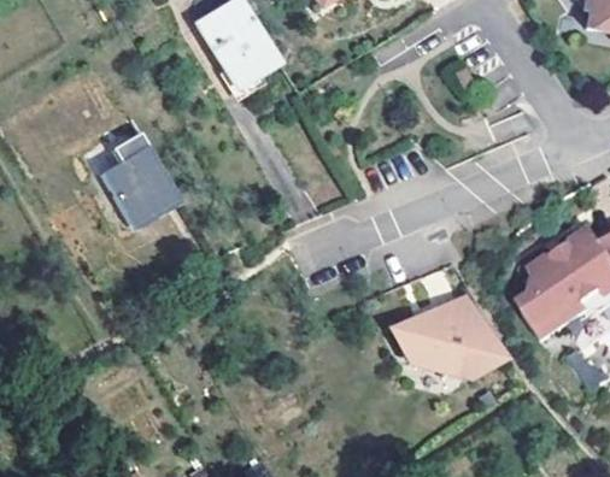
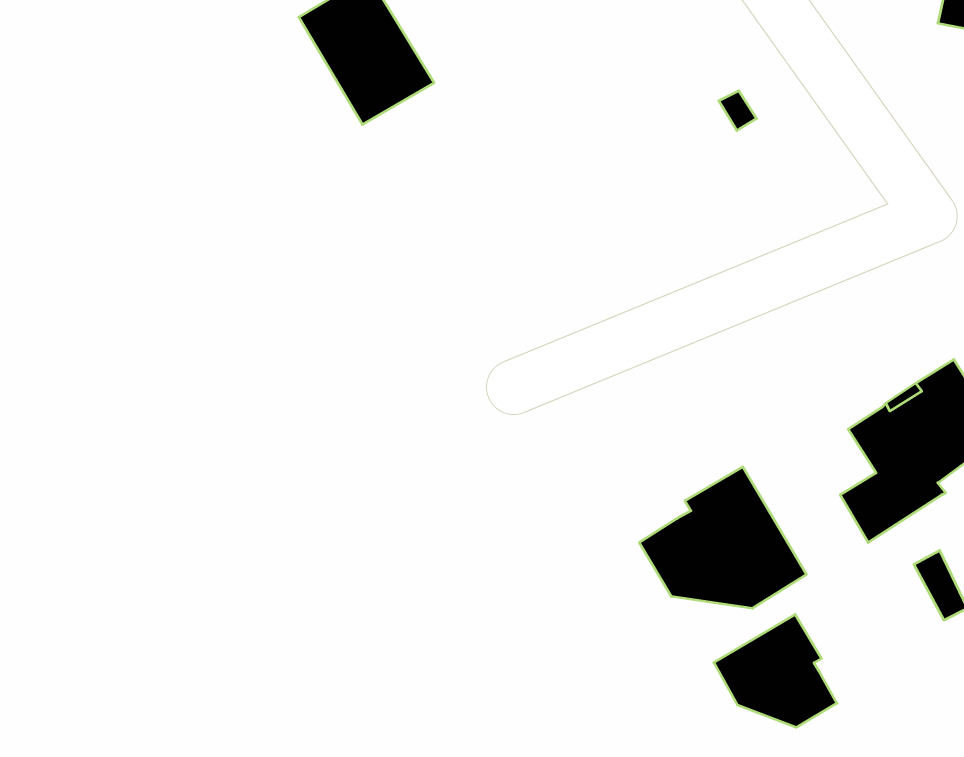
building: [101,142,177,218] -> none
building: none -> [714,614,837,727]

